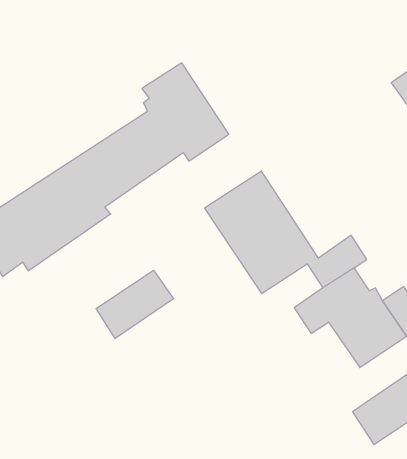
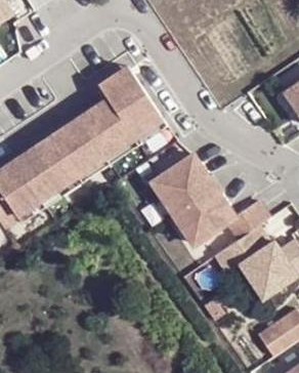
building: [96,270,173,338] -> none

